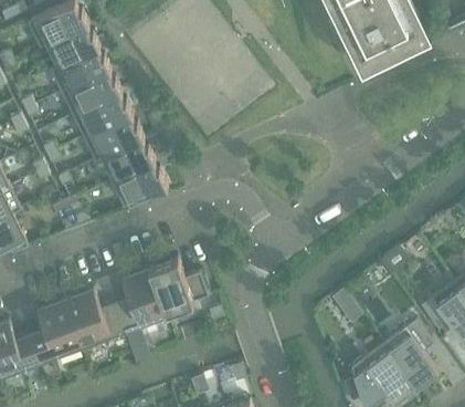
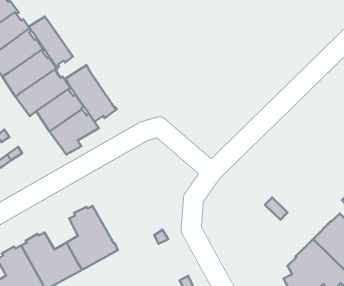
building: none -> [29,16,73,68]
building: none -> [65,65,117,122]
building: [148,258,209,313] -> none

